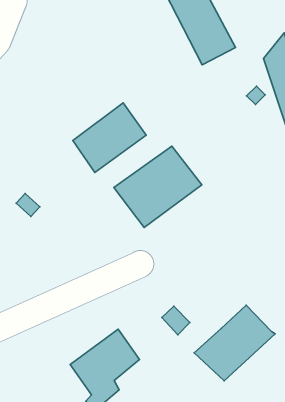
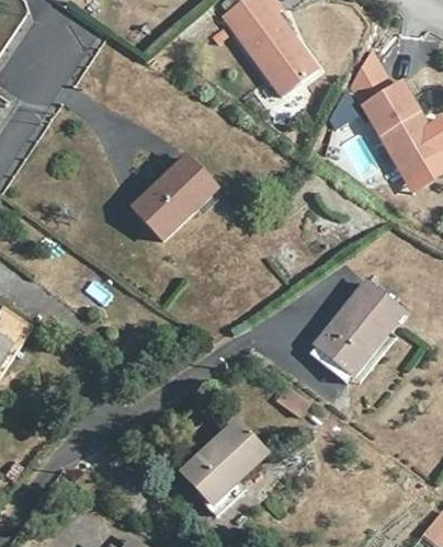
building: [114,146,202,227] -> none
building: [194,305,275,381] -> [308,285,400,378]

